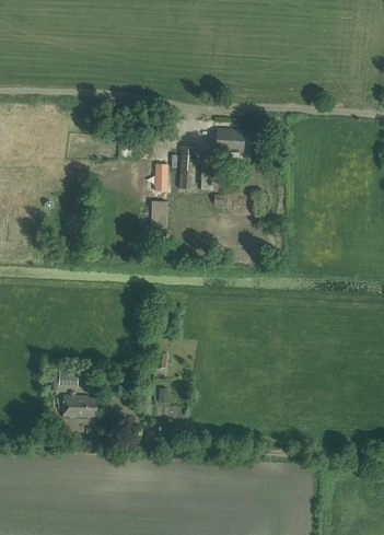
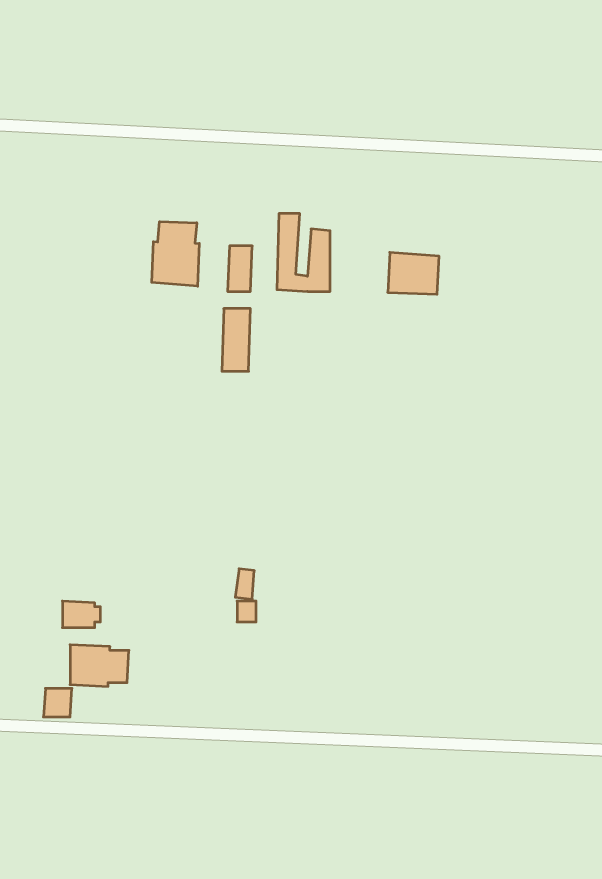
building: [216,128,245,152] -> [388,252,439,294]
building: none -> [152,222,199,286]

